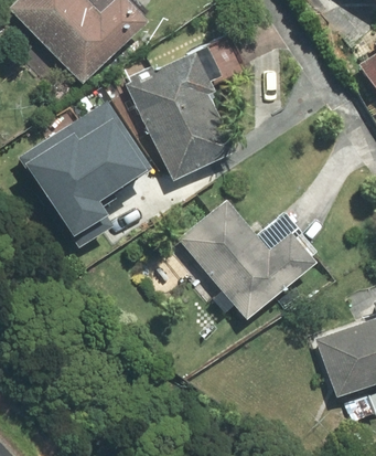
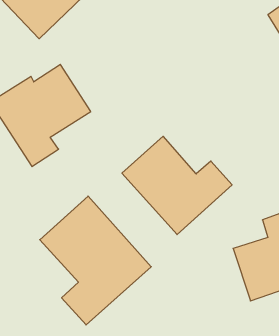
building: [128,47,238,181] -> none
building: none -> [40,196,151,325]

